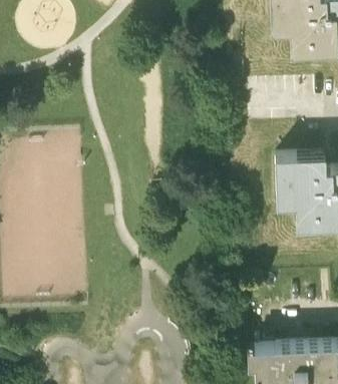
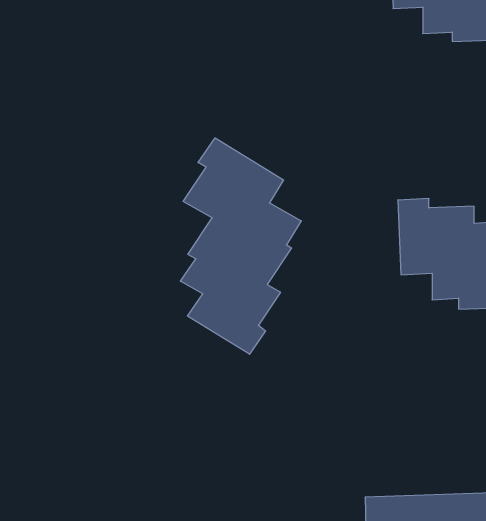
building: none -> [180,138,301,354]

